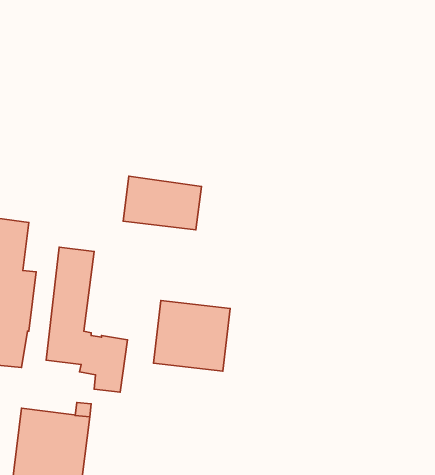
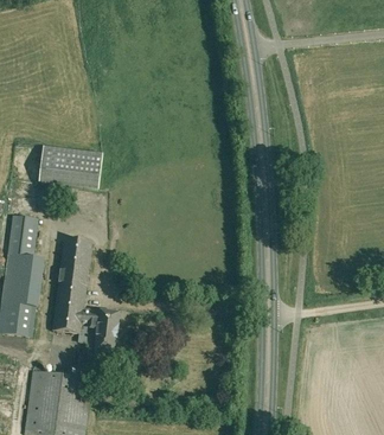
building: [123,176,202,230] -> [39,145,103,188]
building: [154,301,230,371] -> none

